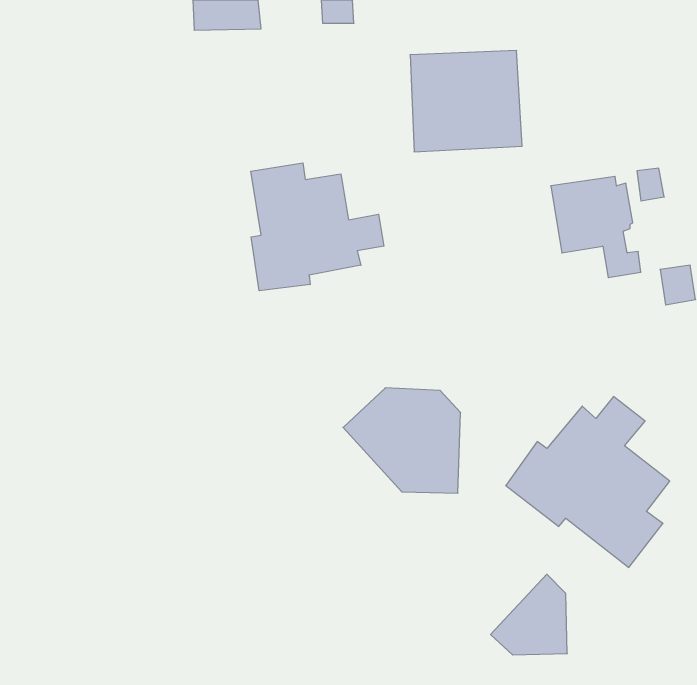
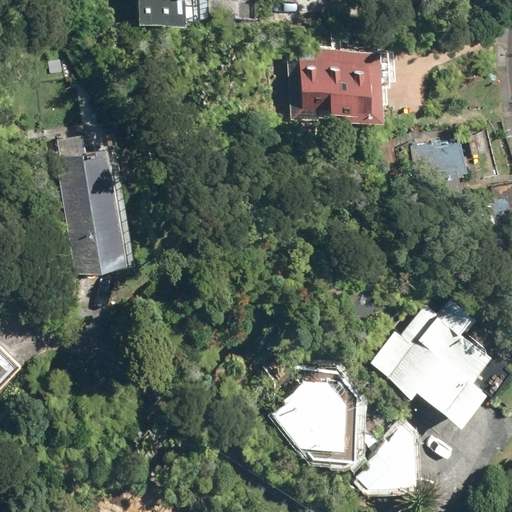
building: [251,163,384,291] -> none
building: none -> [47,139,123,259]
building: [343,388,461,493] -> [271,377,357,454]

